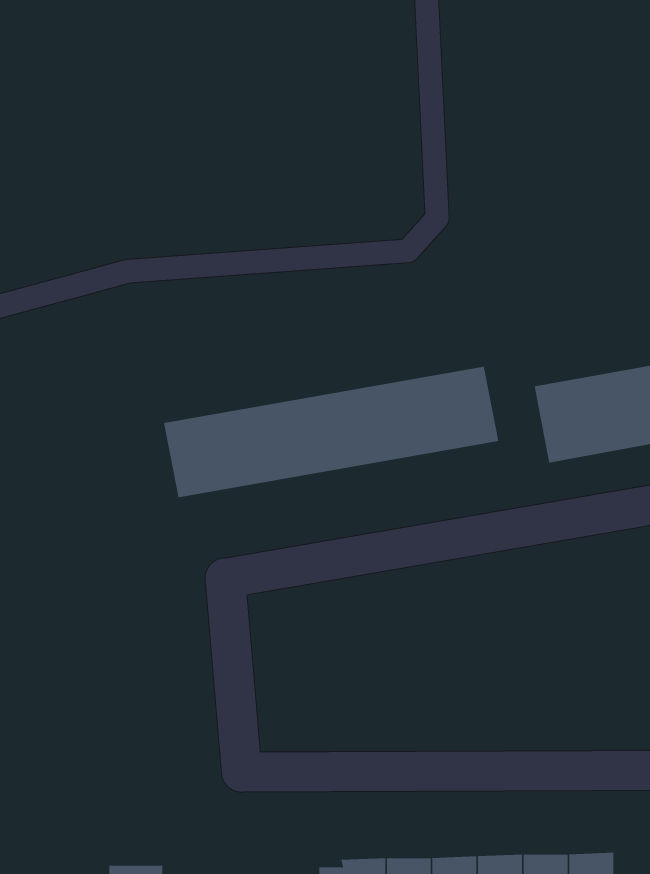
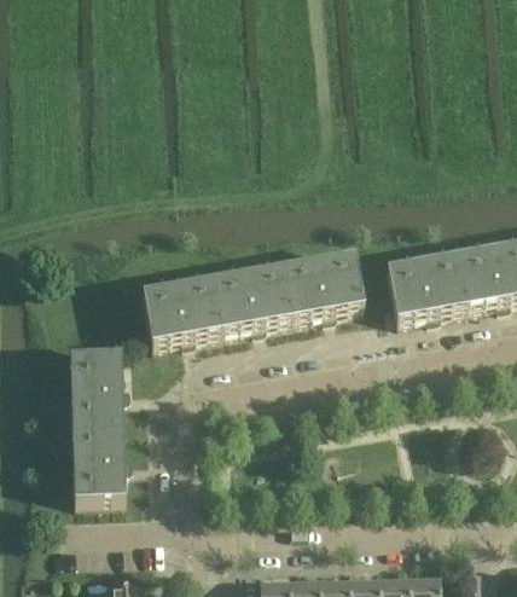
building: none -> [70,352,126,497]

